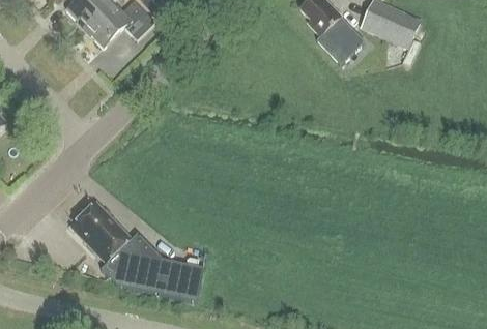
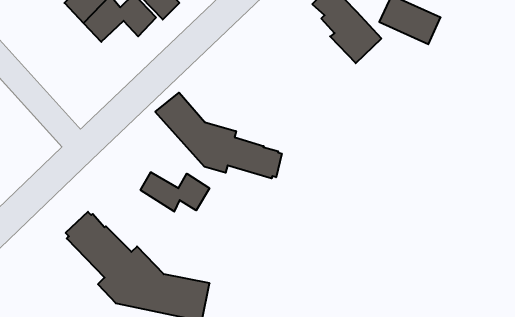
building: none -> [155,93,282,178]
building: none -> [141,172,209,212]

